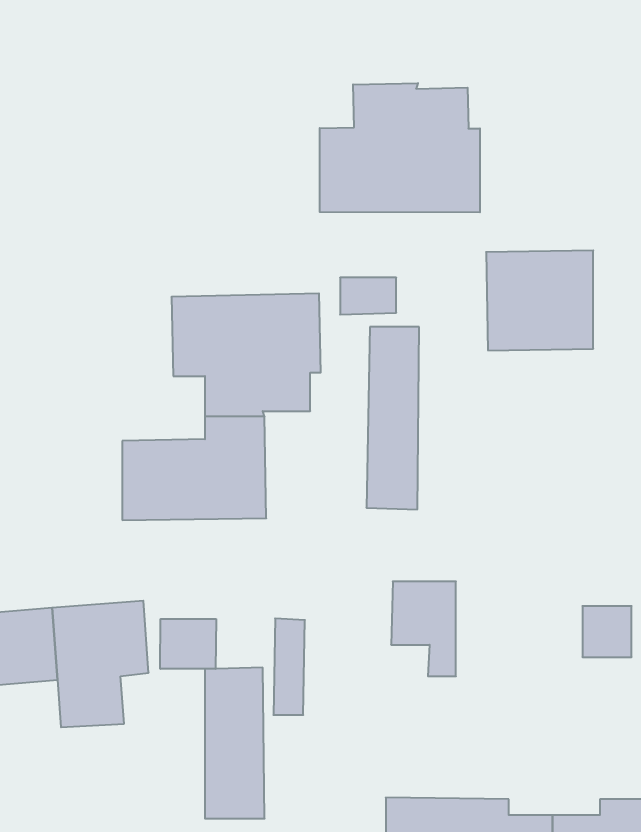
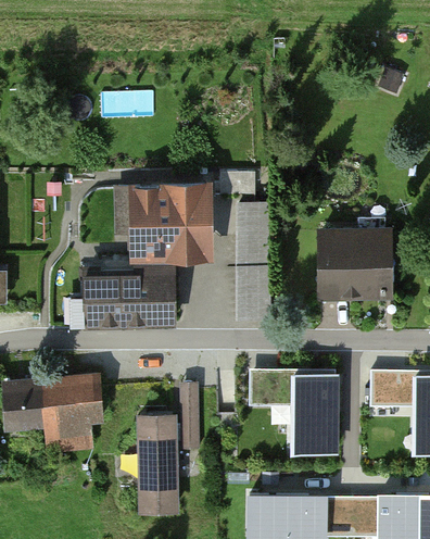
building: [320,83,480,212] -> none
building: [486,250,593,350] -> [321,233,388,294]
building: none -> [295,375,338,451]
building: [160,619,216,669] -> none

